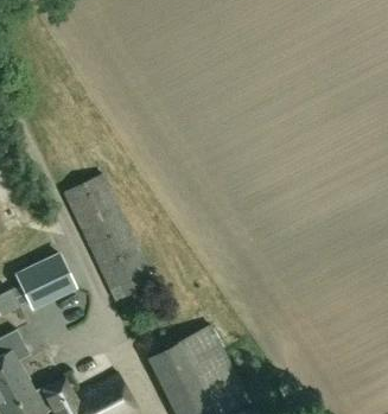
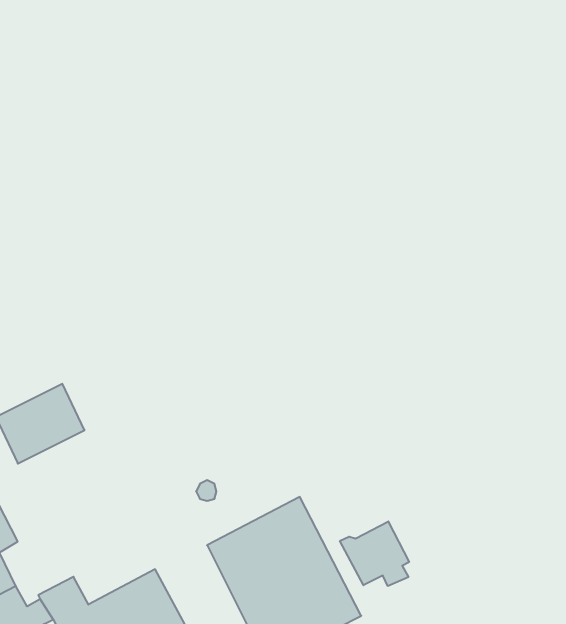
building: [65,174,154,301] -> none
building: none -> [340,521,409,586]

